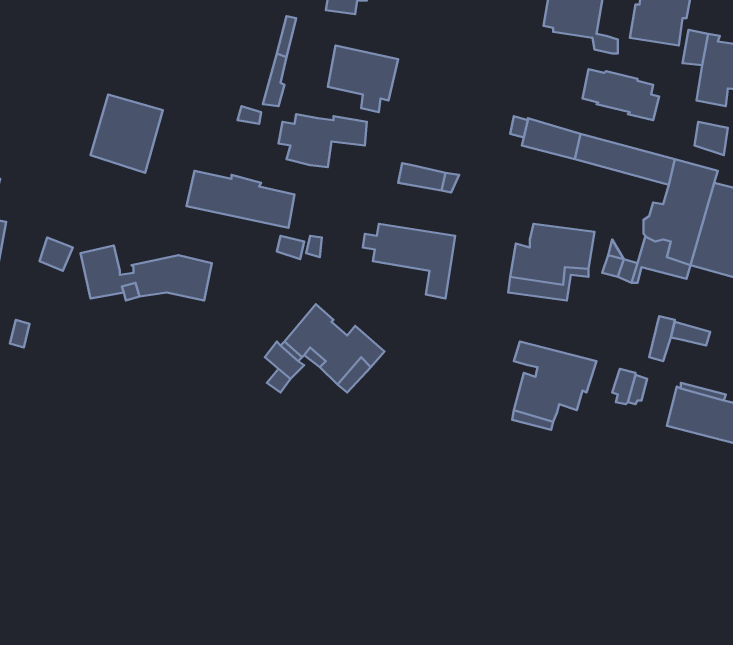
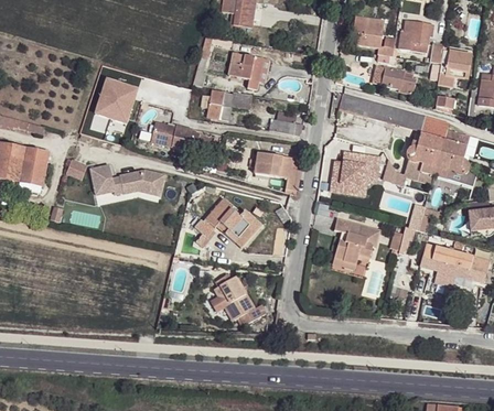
building: none -> [211,273,266,324]

